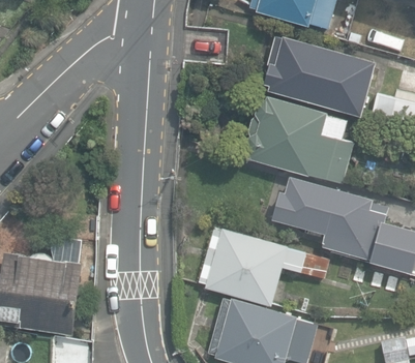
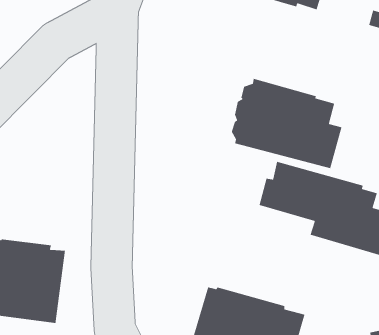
building: [264,35,377,117] -> none
building: [197,226,328,306] -> none

